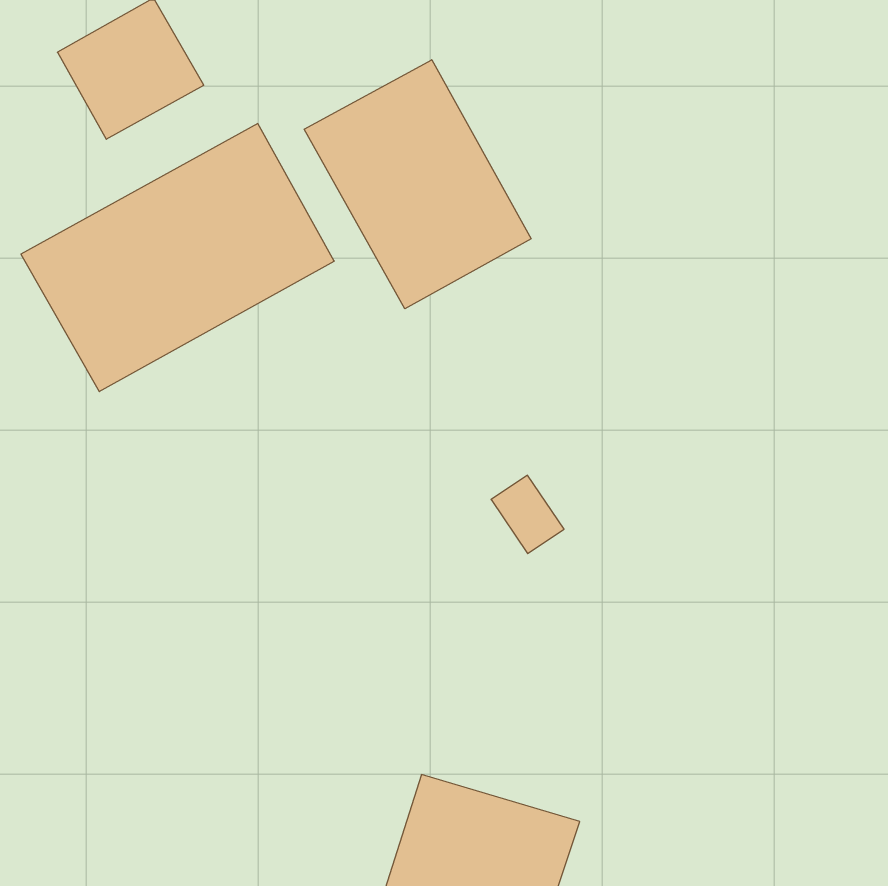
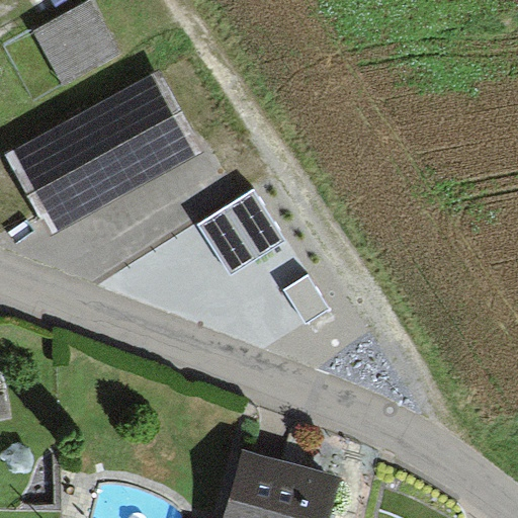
building: [304,60,531,309] -> none
building: none -> [202,195,281,272]

